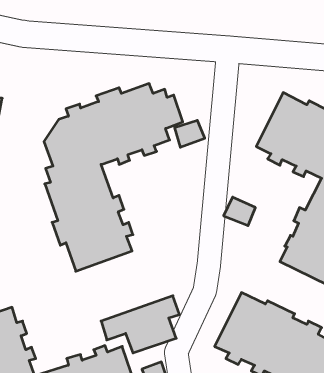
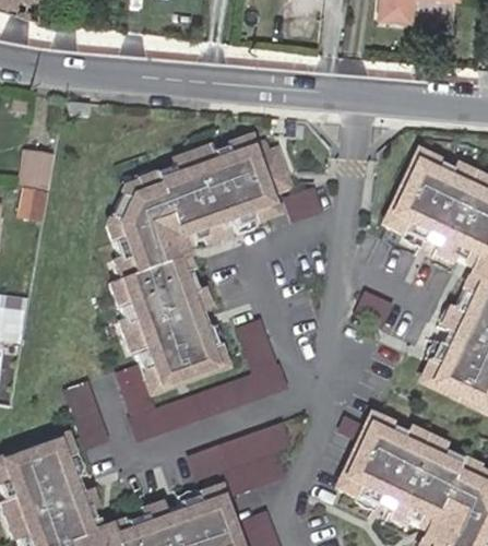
building: none -> [112,318,287,442]
building: none -> [61,380,108,450]

